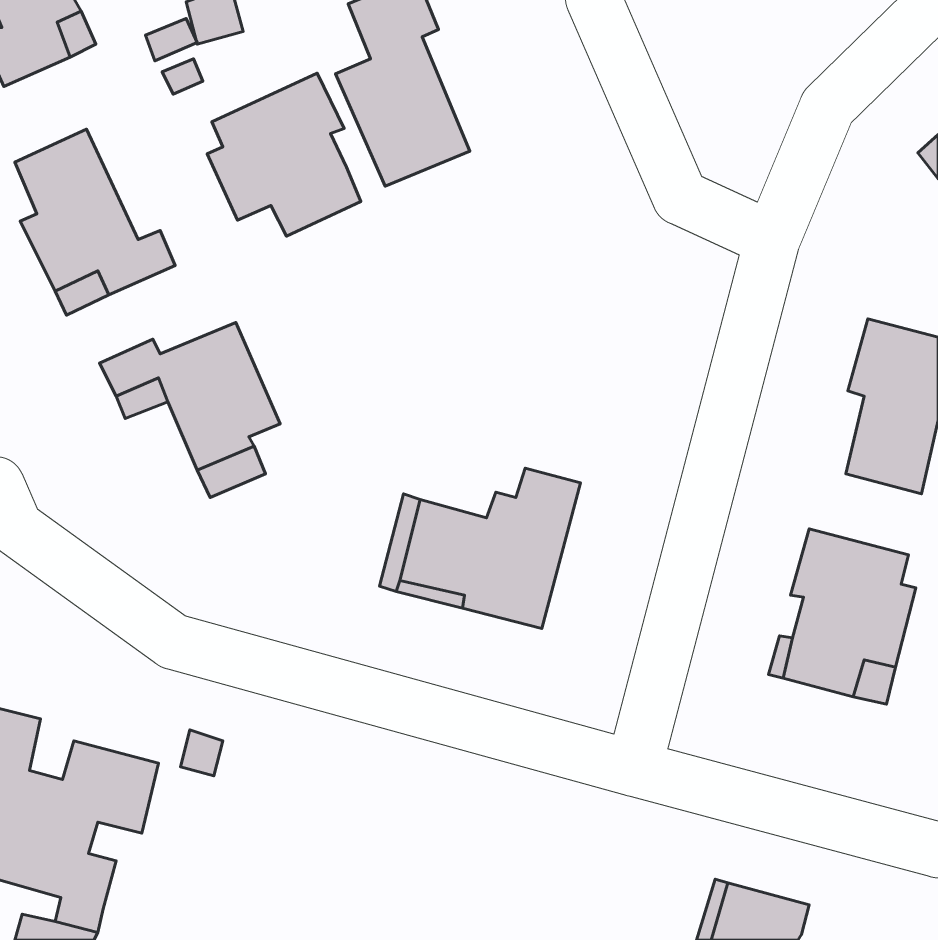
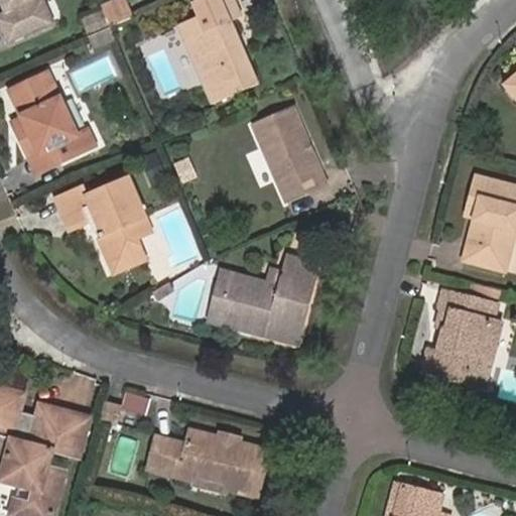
building: [207,73,361,236] -> none
building: none -> [252,108,327,200]
building: none -> [147,428,268,496]

